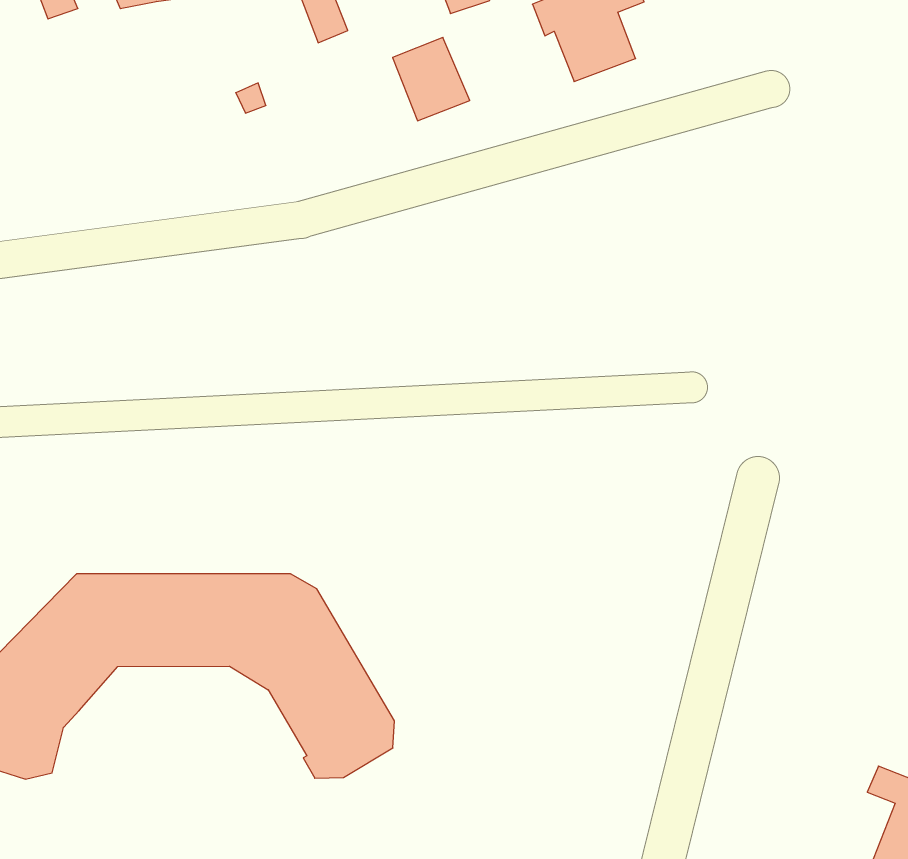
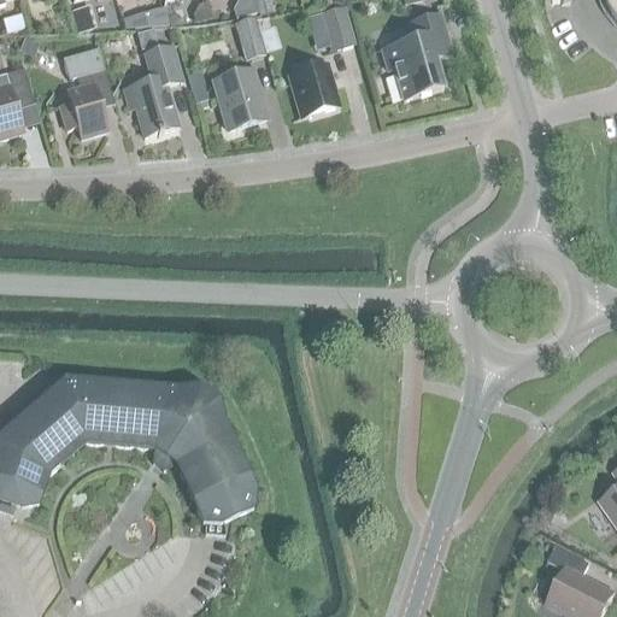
building: none -> [123,43,182,135]
building: none -> [59,46,112,136]
building: none -> [212,69,265,127]

